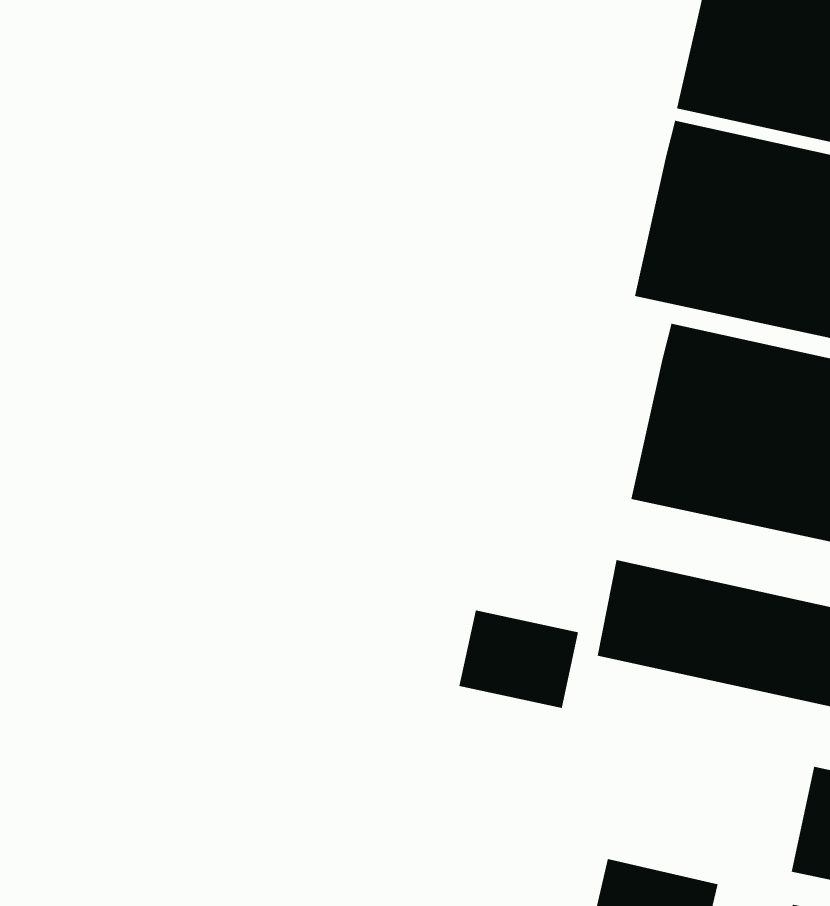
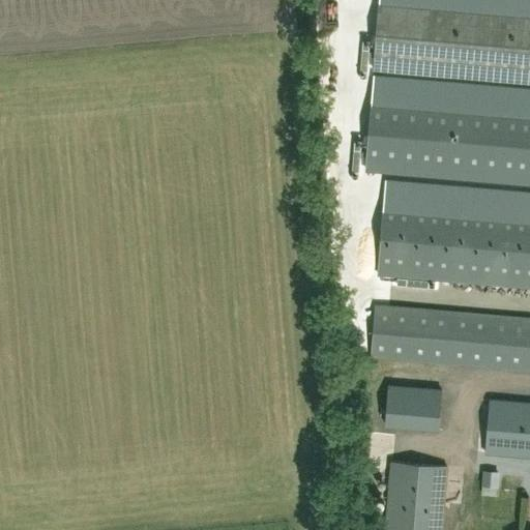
building: [459,610,579,708] -> [385,386,443,431]

